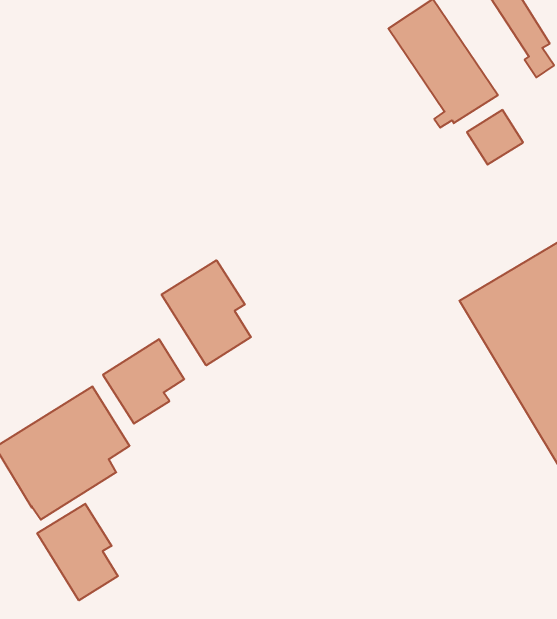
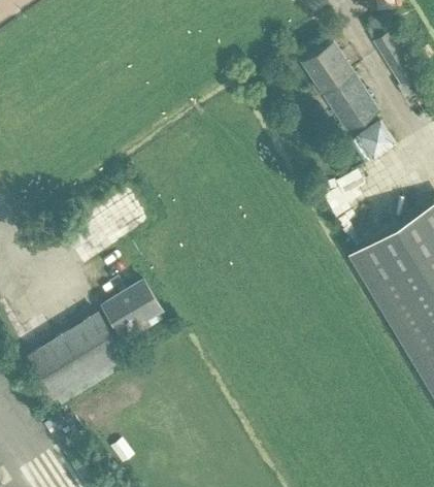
building: [162,260,251,365] -> none
building: [37,504,118,600] -> none

